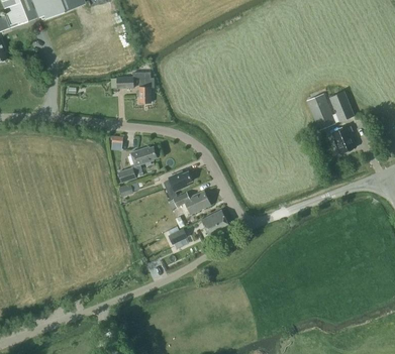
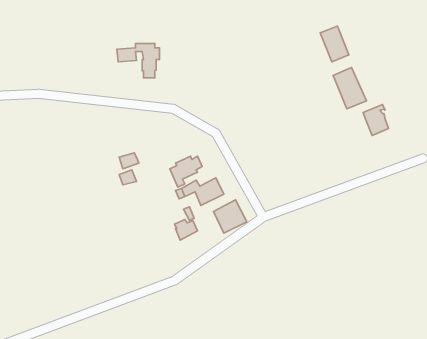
building: [328,91,354,122] -> [320,26,349,62]
building: [130,147,156,172] -> none

